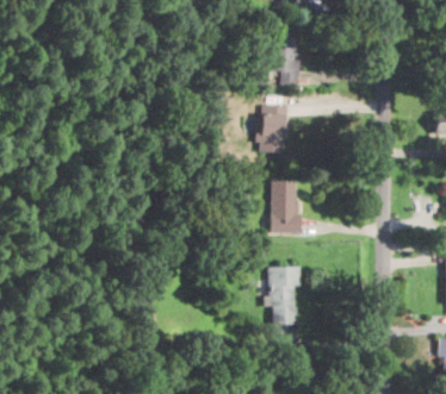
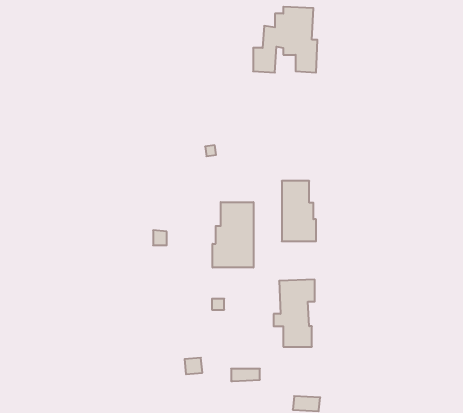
building: [255,106,287,154] -> none
building: none -> [213,202,253,268]

